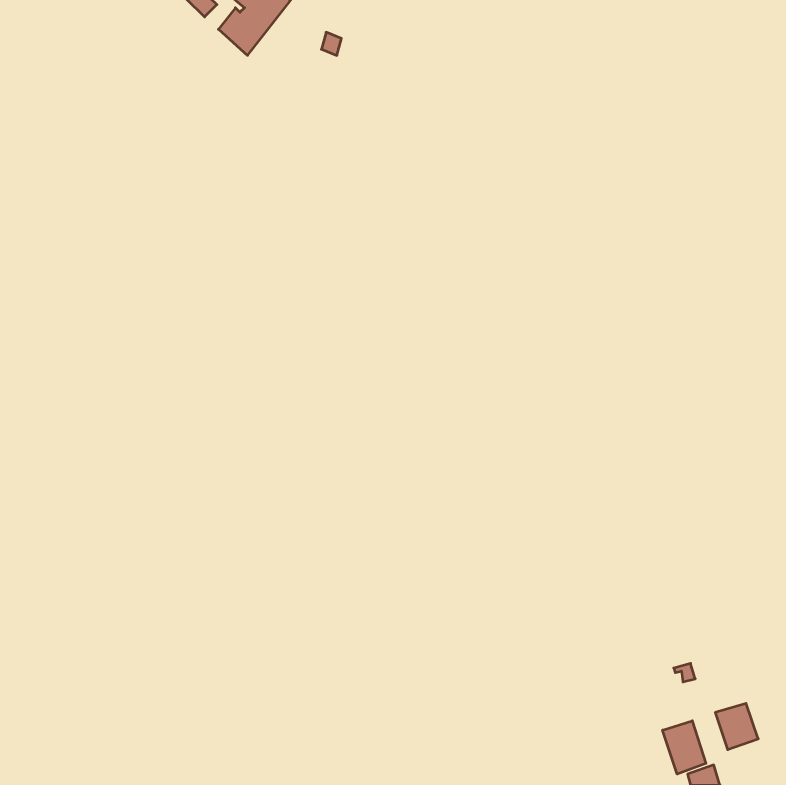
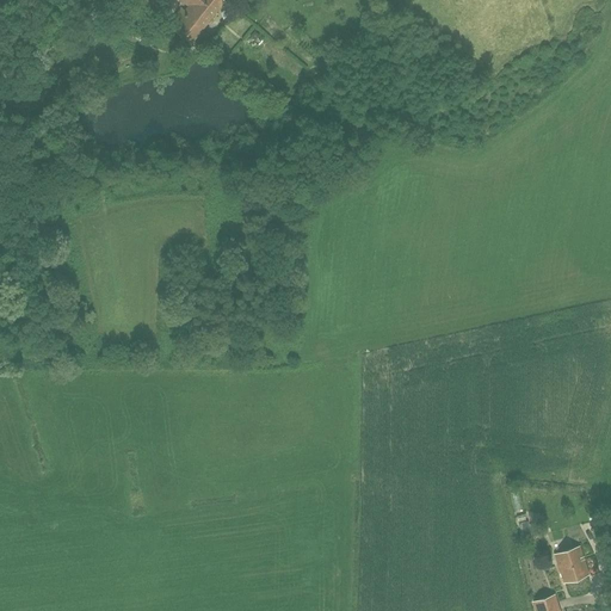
building: [663,721,706,774] -> none

